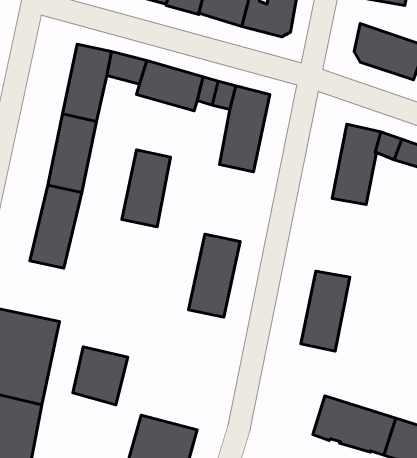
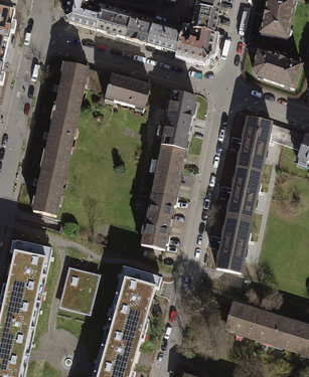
building: [122,150,171,227] -> [151,145,184,197]
building: none -> [226,168,261,221]
building: none -> [108,267,159,325]

